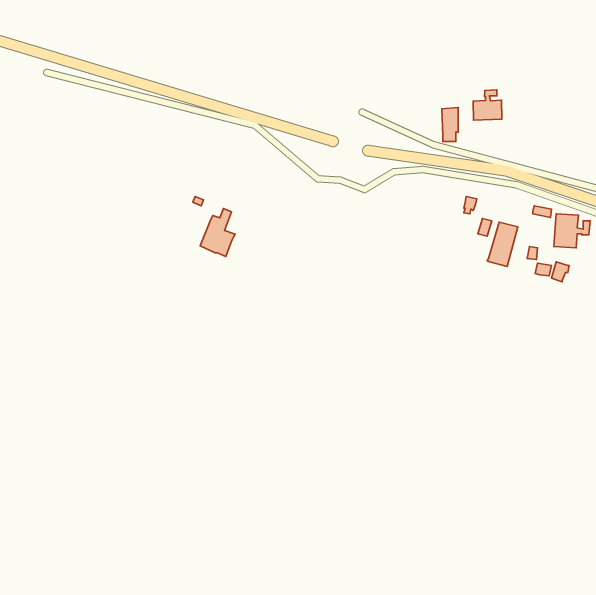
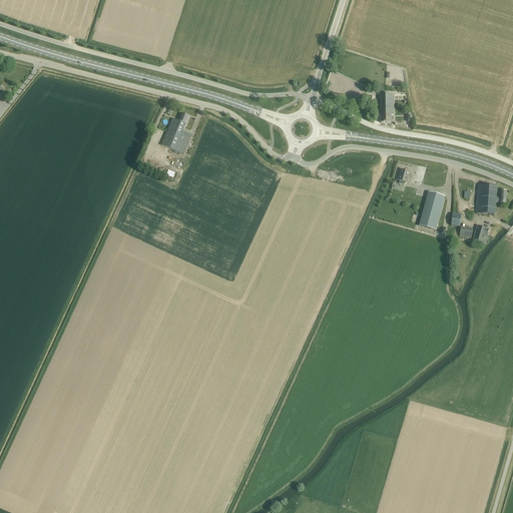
building: [473,90,502,120] -> none
building: [200,208,235,256] -> [161,111,191,152]

